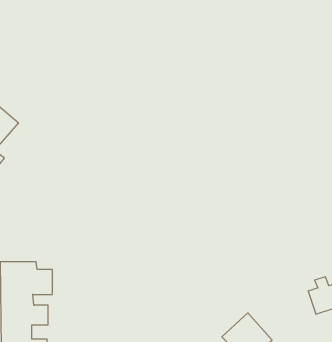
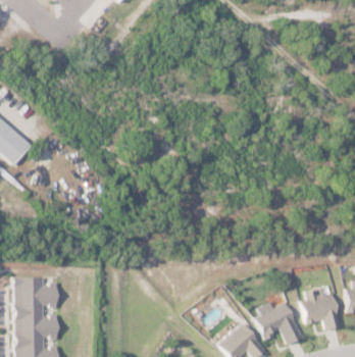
building: none -> [256,302,303,343]

